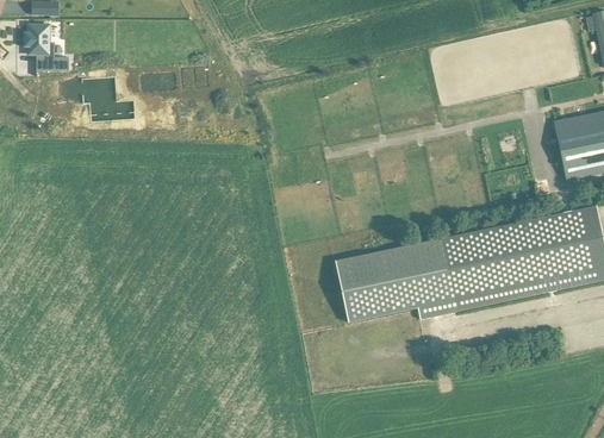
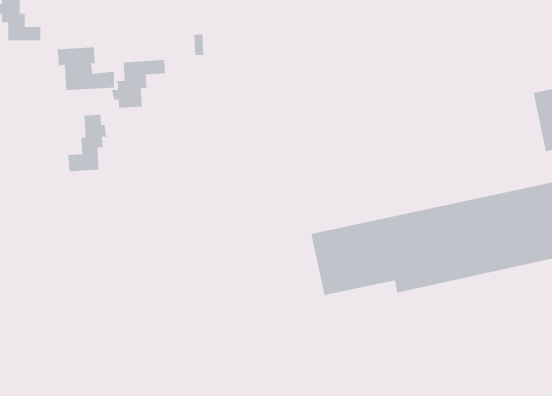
building: none -> [112,59,166,109]
building: none -> [68,114,107,172]

